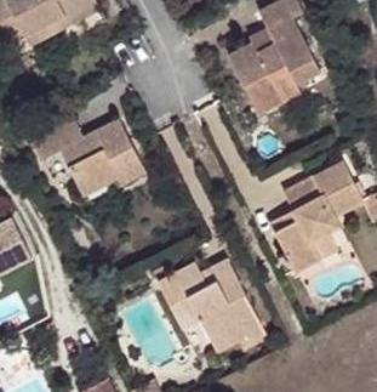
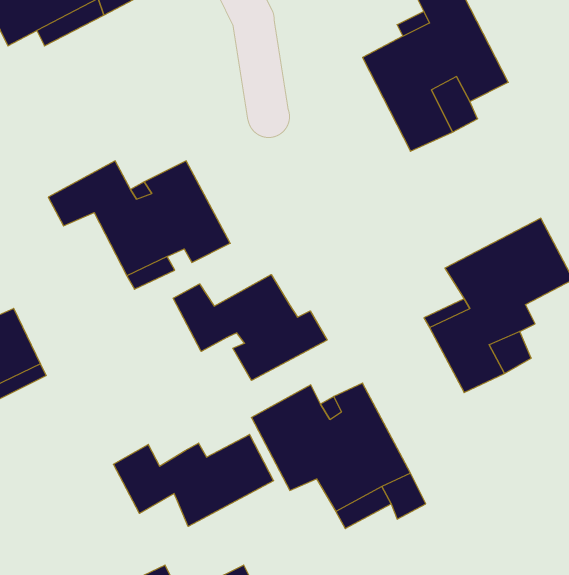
building: none -> [173,275,327,380]
building: none -> [113,434,274,526]

